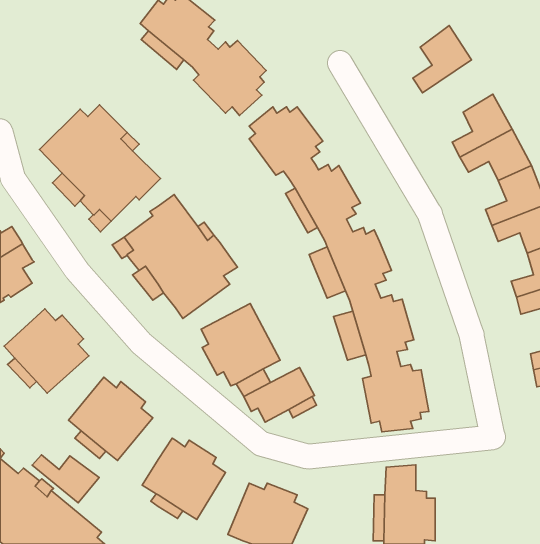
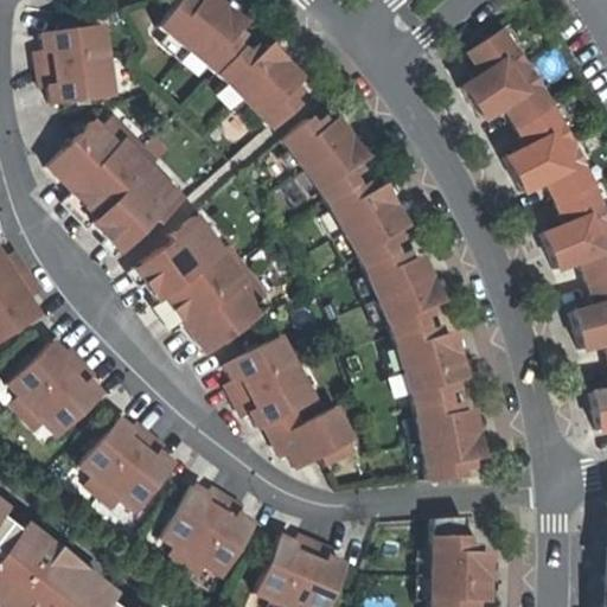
building: none -> [40,25,116,104]
building: none -> [475,66,554,124]
building: [32,455,99,503] -> none

